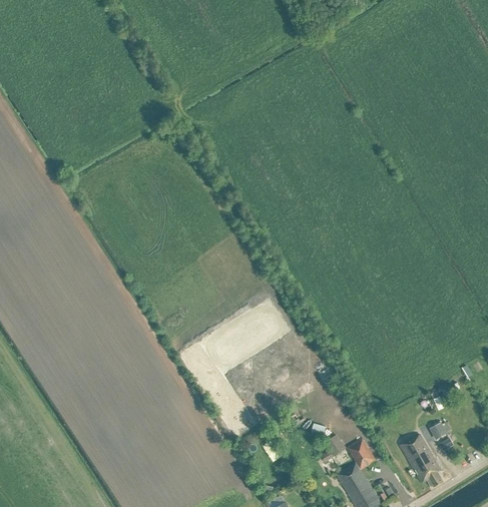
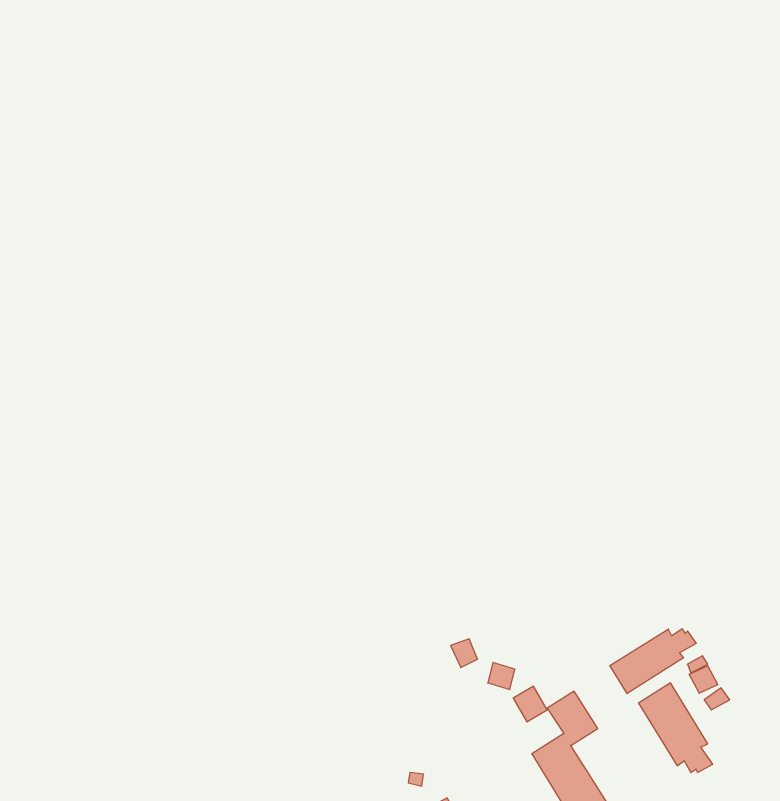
building: none -> [610,629,696,694]

